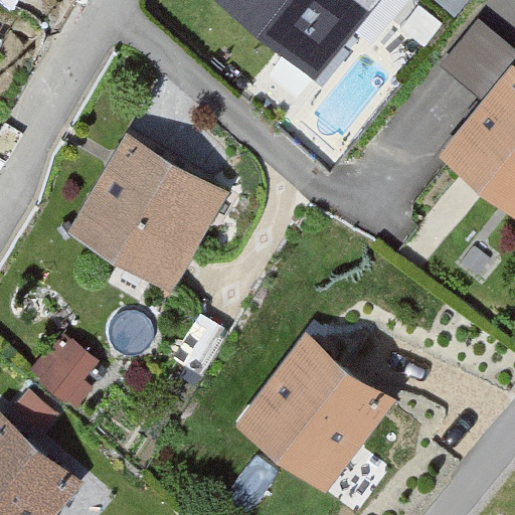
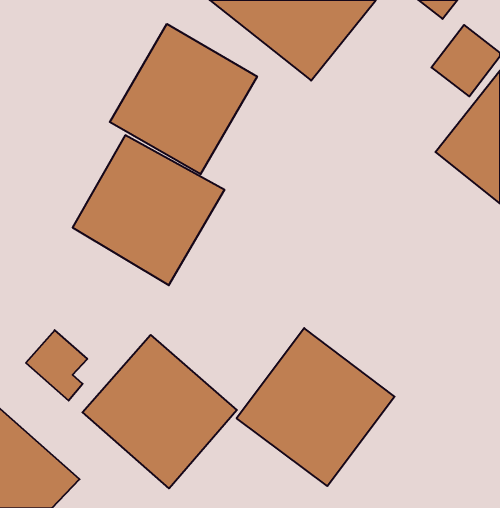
building: none -> [110,24,257,174]
building: none -> [82,335,237,488]

